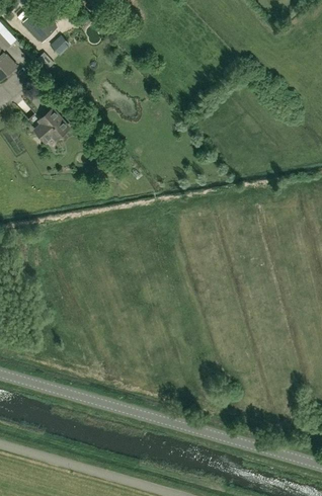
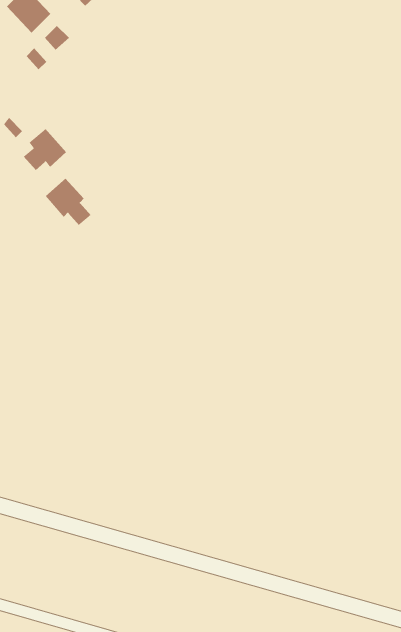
building: none -> [45,178,91,226]

